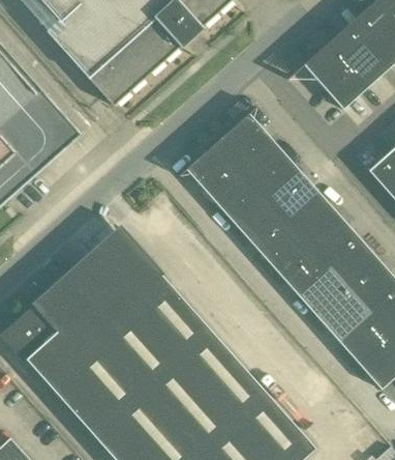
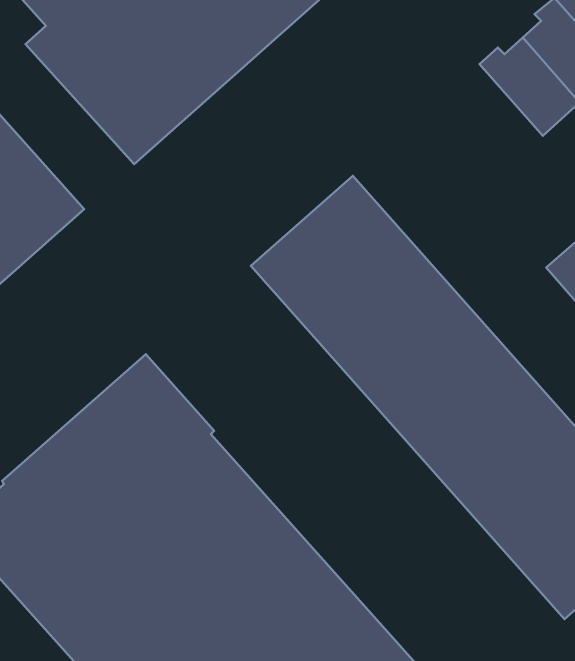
building: [303,44,366,109] -> none

